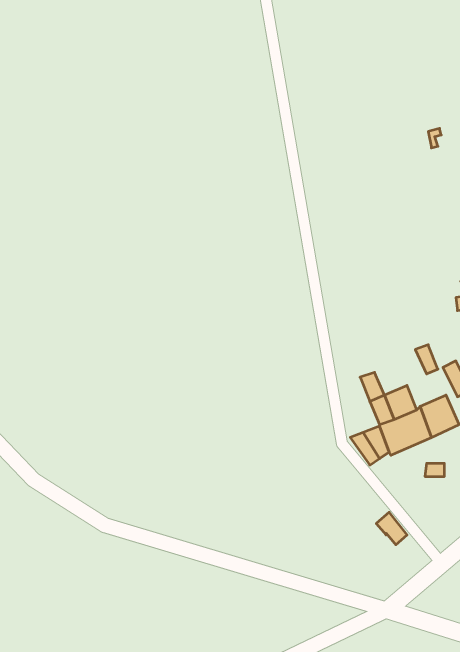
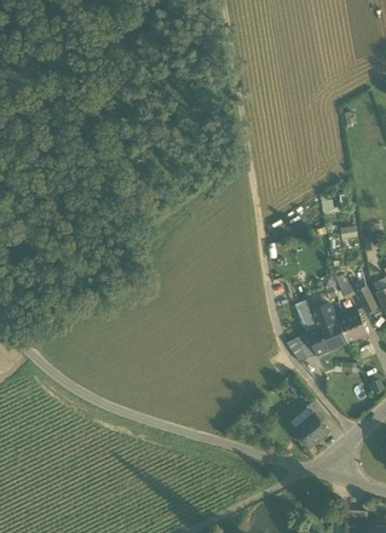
building: none -> [295,414,327,447]

